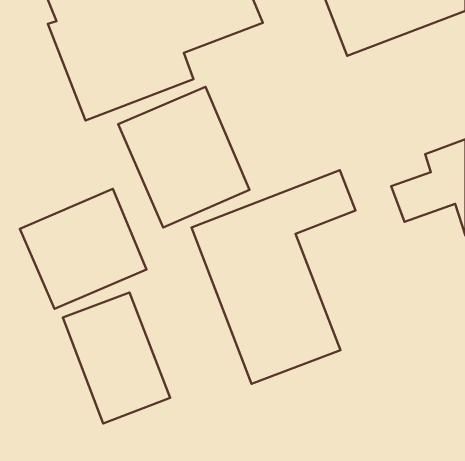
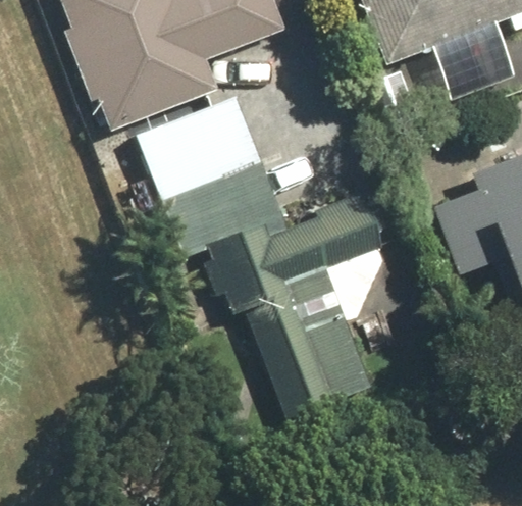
building: [20,189,147,309] -> none
building: [63,292,170,423] -> none

